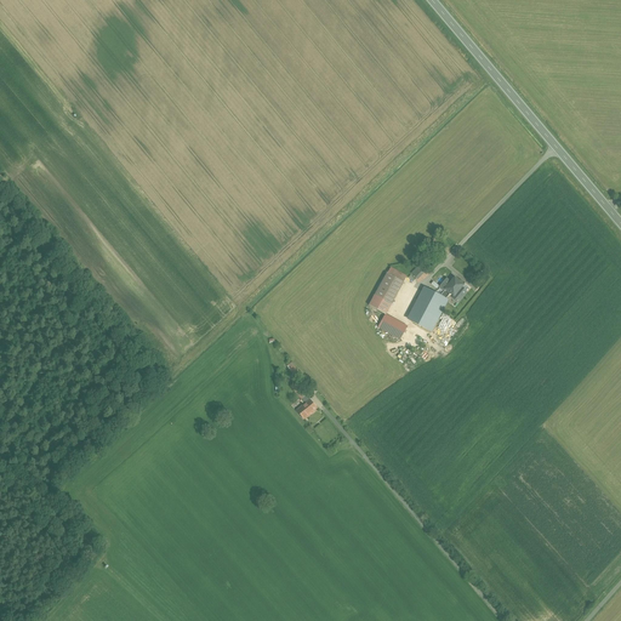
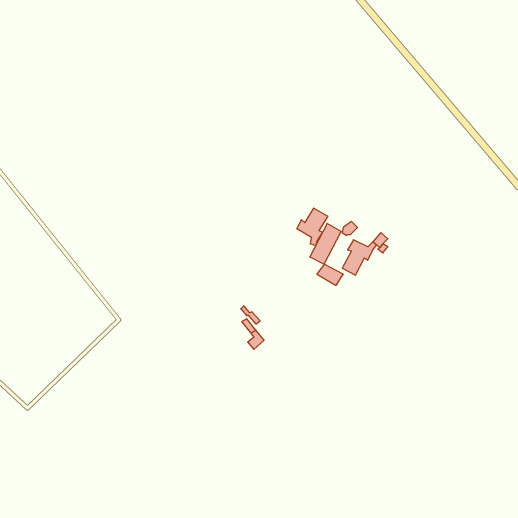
building: none -> [297,208,328,246]

